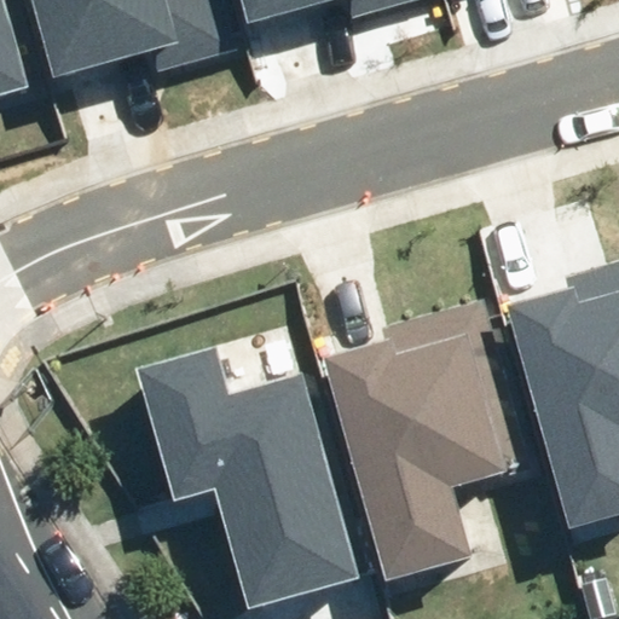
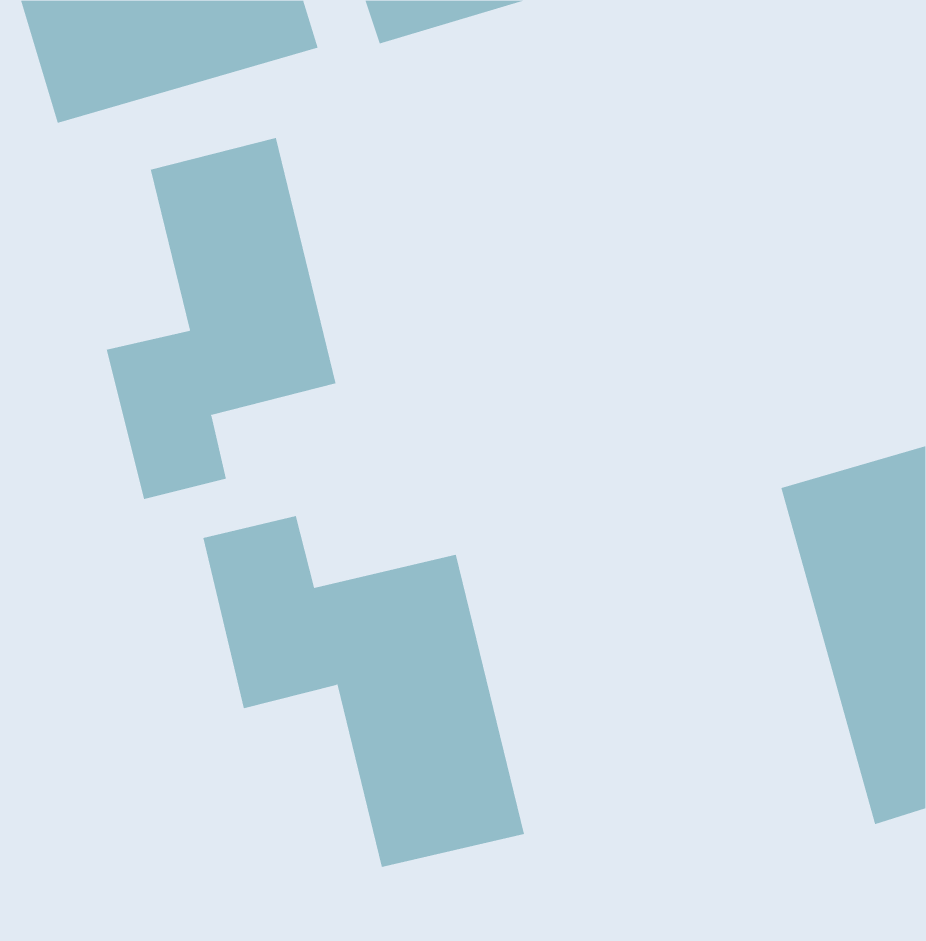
building: none -> [106,137,336,500]
building: [329,320,517,582] -> none

